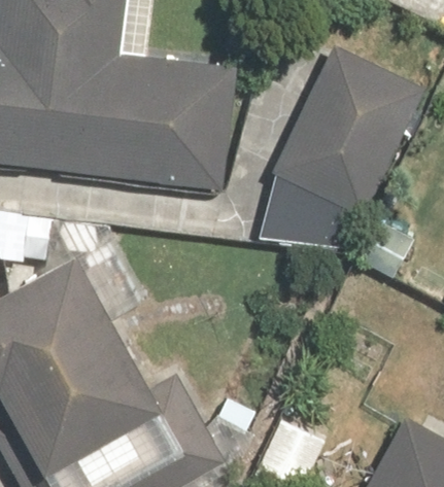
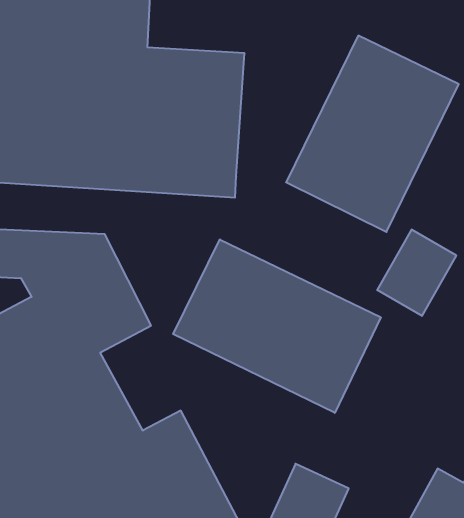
building: none -> [173,239,381,413]

